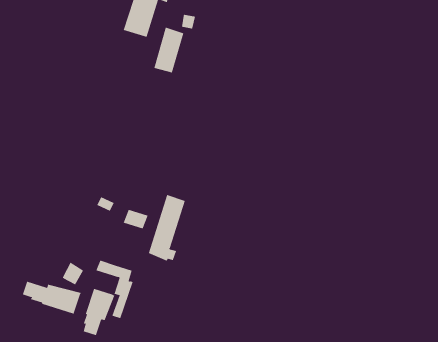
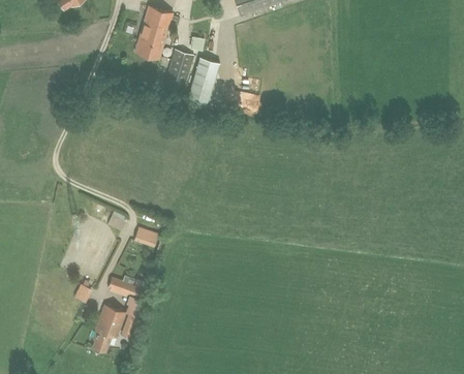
building: none -> [188,56,219,102]
building: [148,194,186,262] -> none
building: [22,281,82,315] -> none

